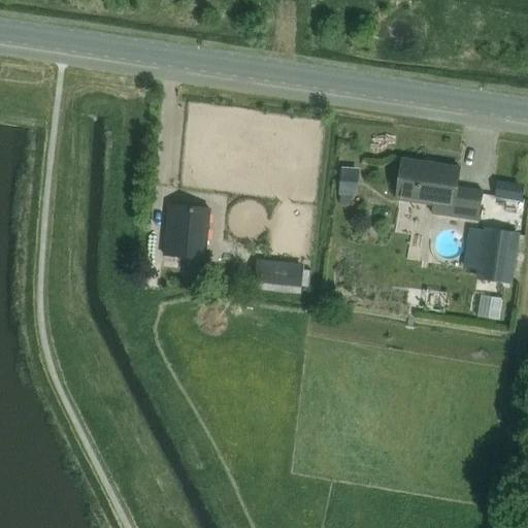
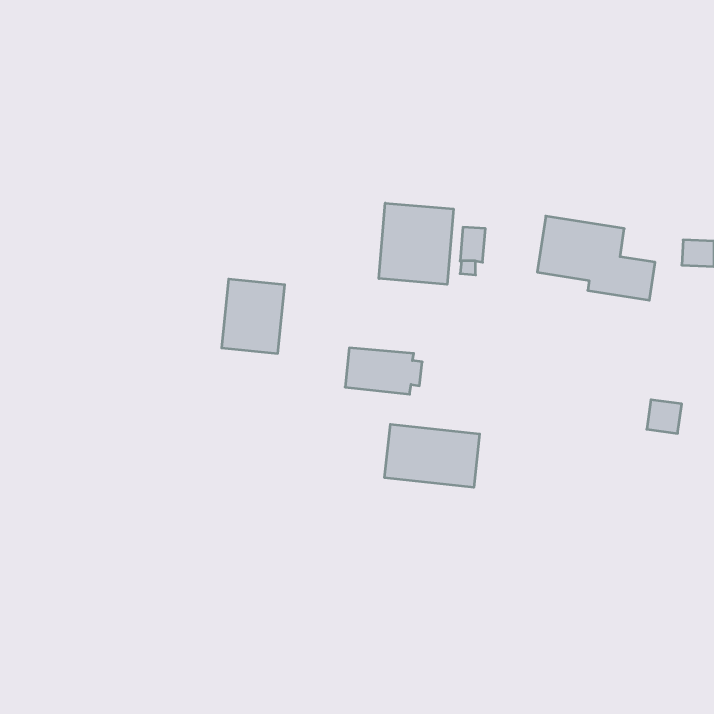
building: none -> [379,203,453,284]
building: [474,226,519,283] -> none
building: none -> [385,424,480,487]

